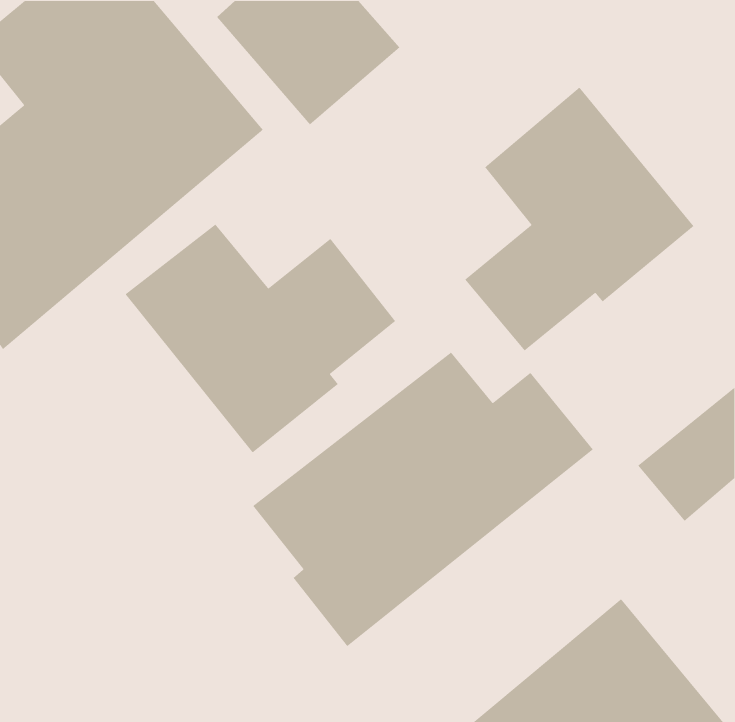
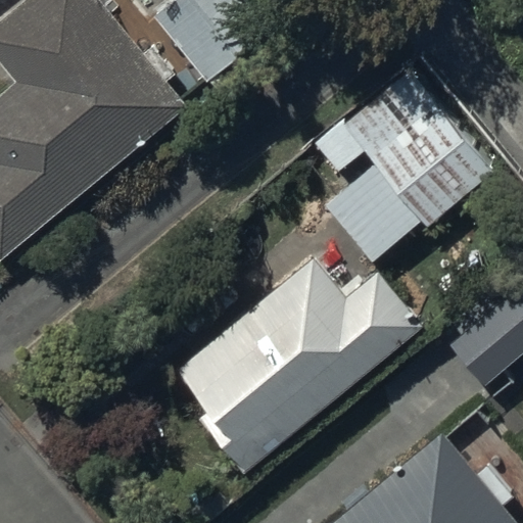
building: [124,223,396,453] -> none

